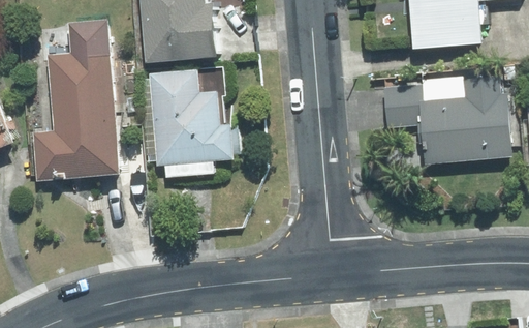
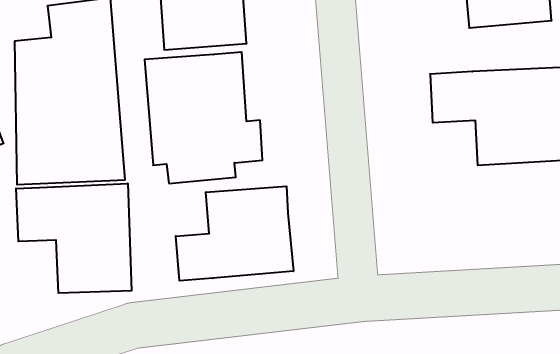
building: none -> [16,183,132,293]
building: none -> [176,186,293,281]

